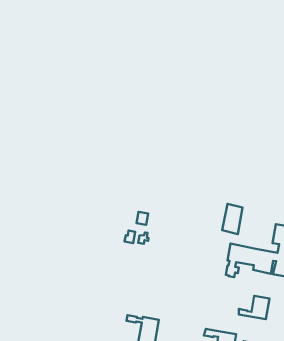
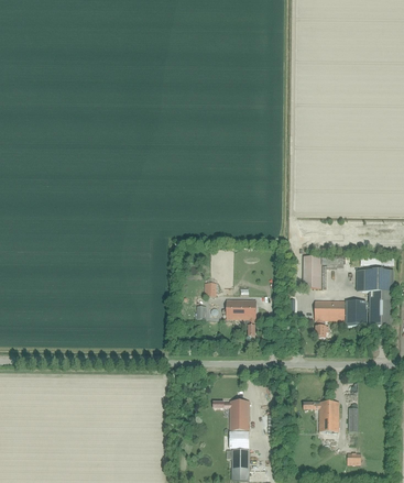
building: none -> [226,298,255,334]
building: [239,296,269,319] -> none

